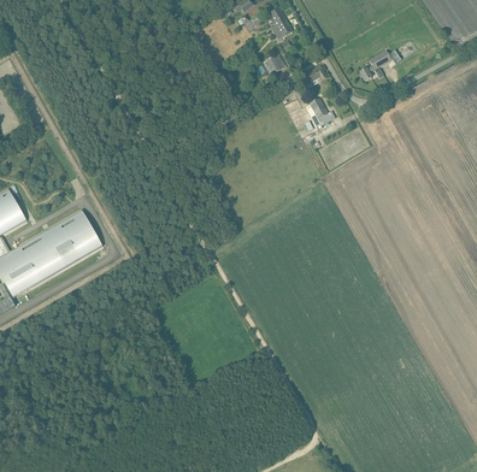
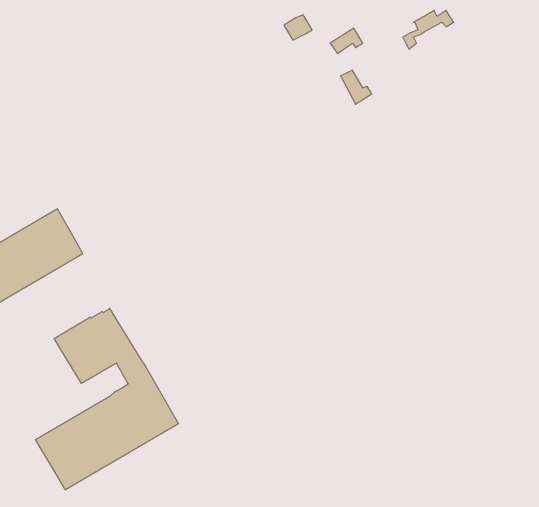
building: none -> [35,308,179,490]

